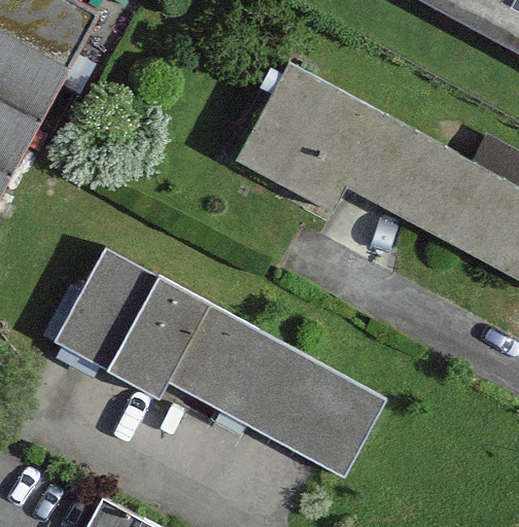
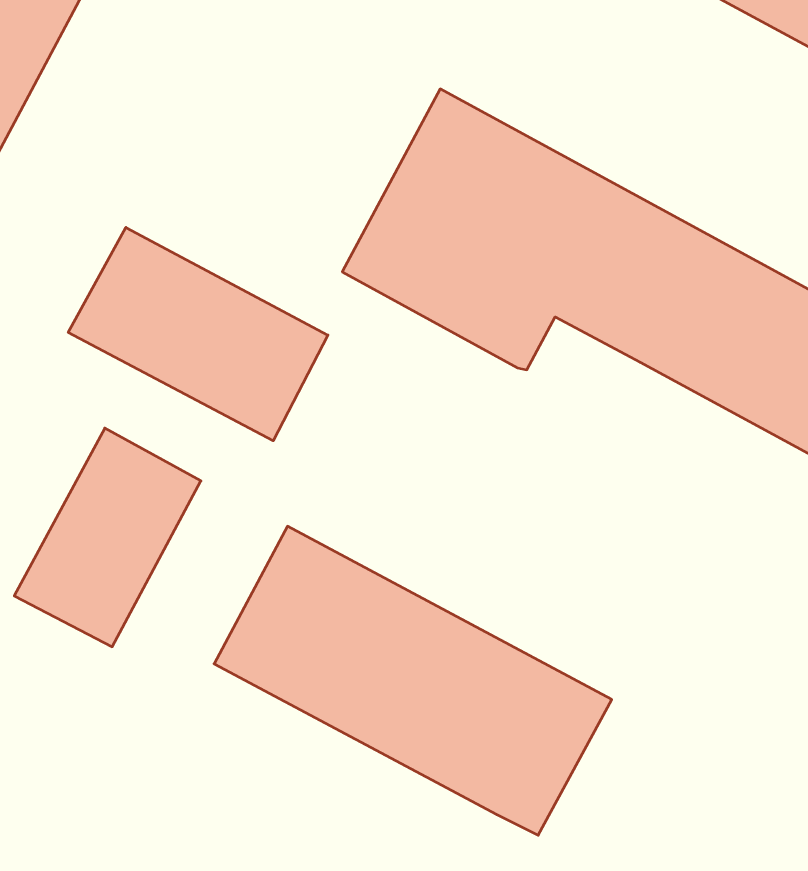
building: none -> [68,227,328,441]
building: [109,277,205,393] -> none

